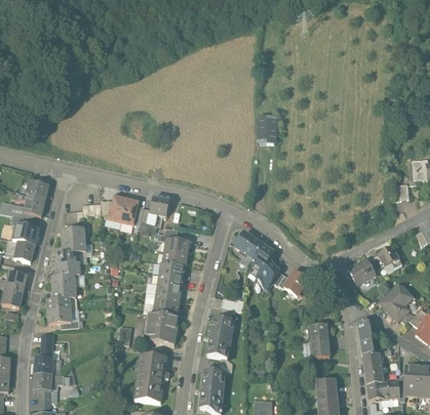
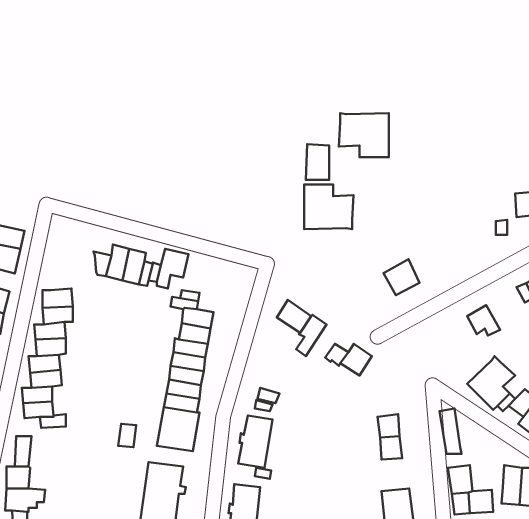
building: none -> [339,113,389,157]
building: none -> [304,184,353,229]
building: [348,255,375,282] -> [384,259,419,295]

